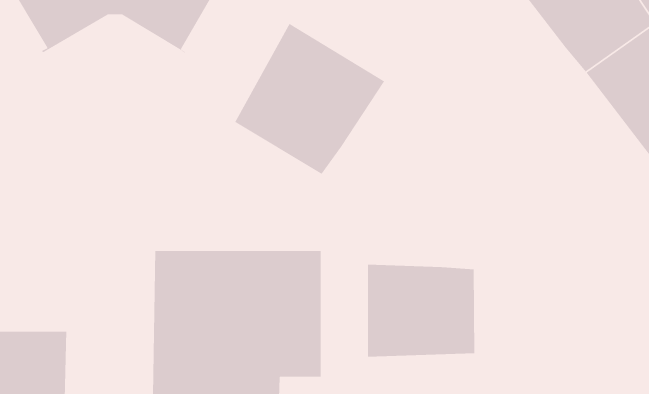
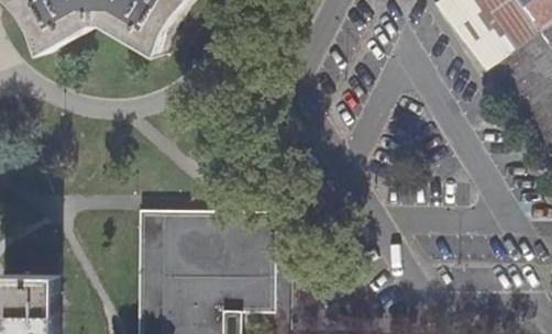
building: [234,23,385,175] -> none
building: [367,264,475,358] -> none

